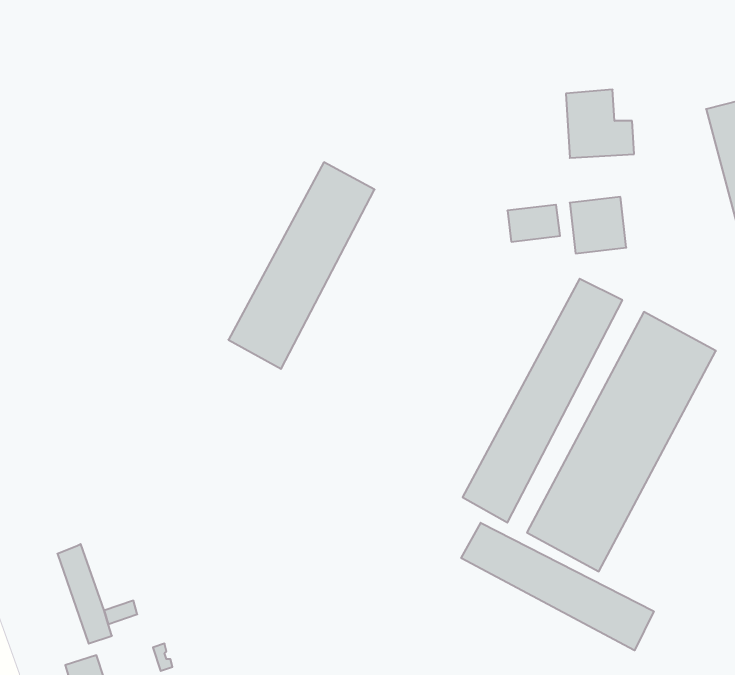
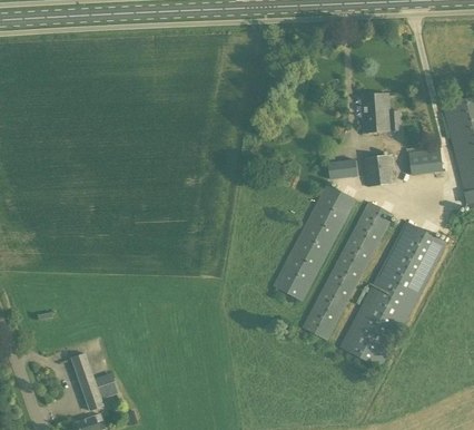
building: [228,162,375,369] -> [271,183,355,301]
building: none -> [407,147,443,175]
building: [461,523,654,650] -> none

